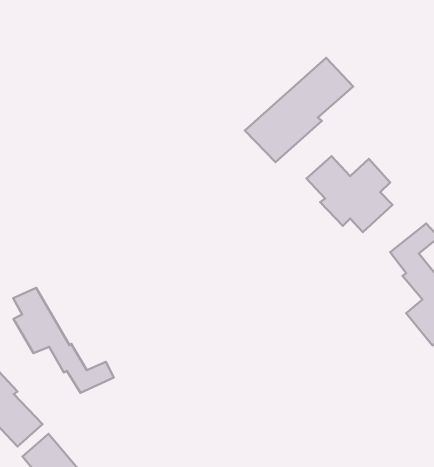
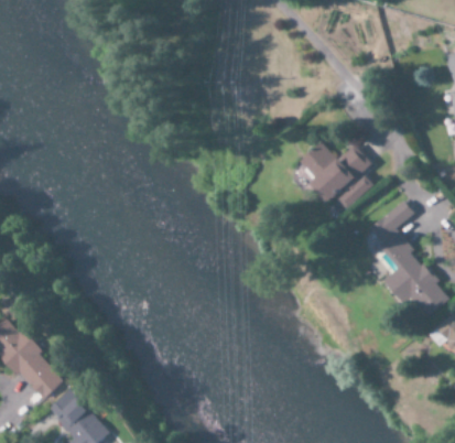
building: [245,58,353,162] -> none
building: [13,288,114,393] -> none

